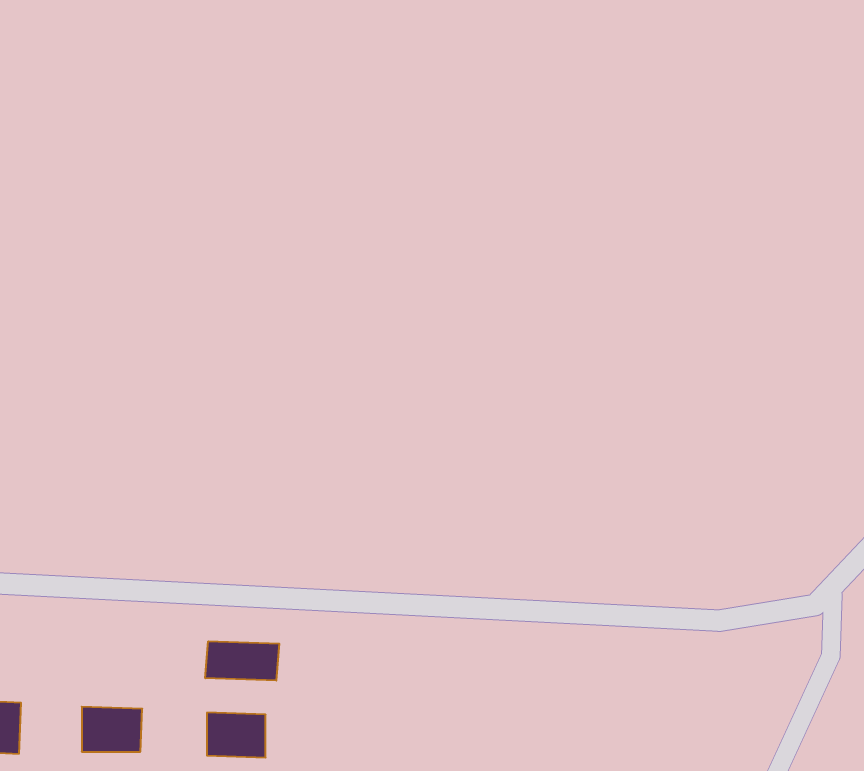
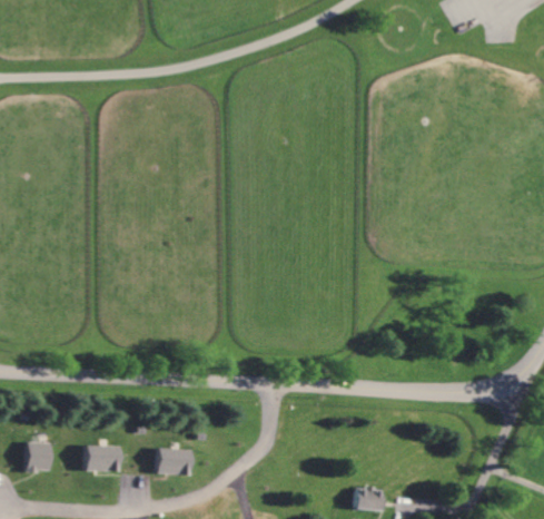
building: [205,641,279,681] -> none

